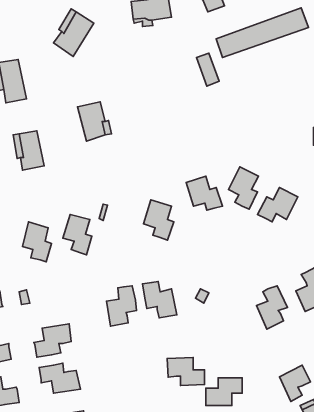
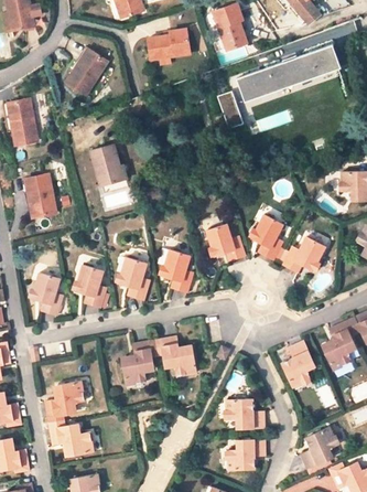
building: none -> [118,257,150,299]
building: [167,358,204,385] -> [225,398,265,428]

